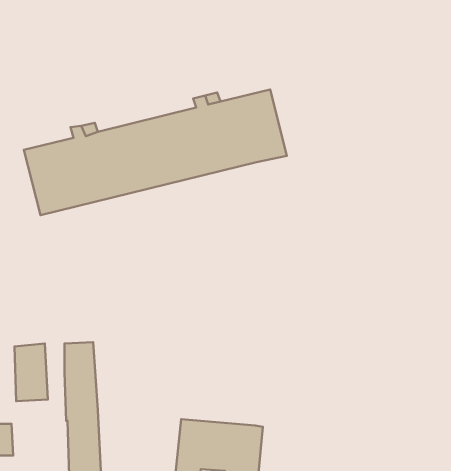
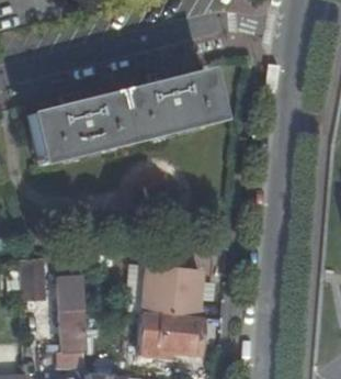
building: none -> [144,265,202,316]

